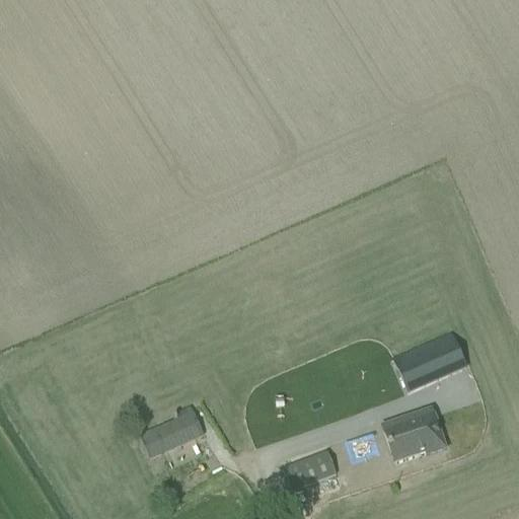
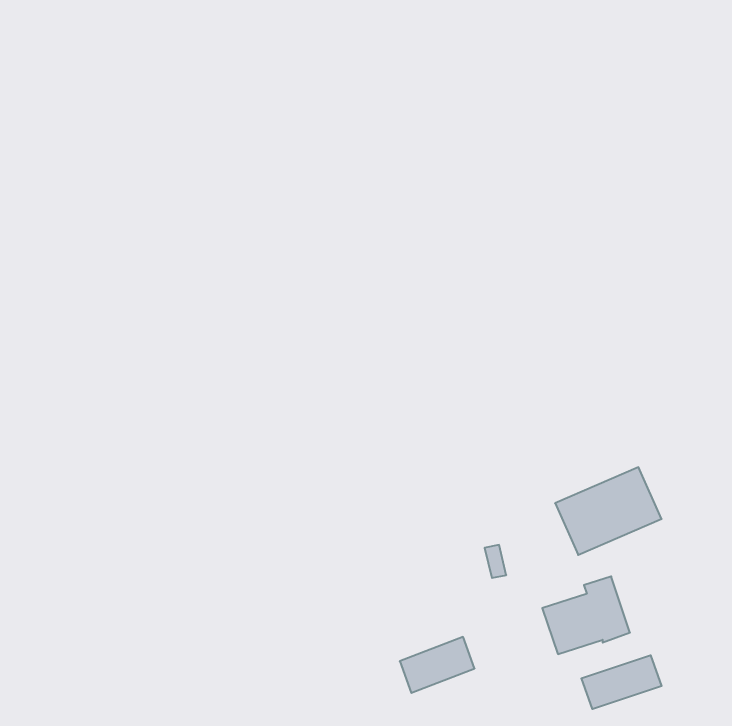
building: [141,411,204,457] -> none
building: none -> [581,655,662,709]

